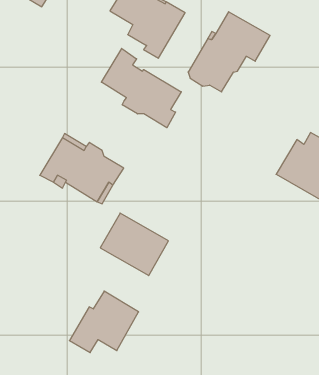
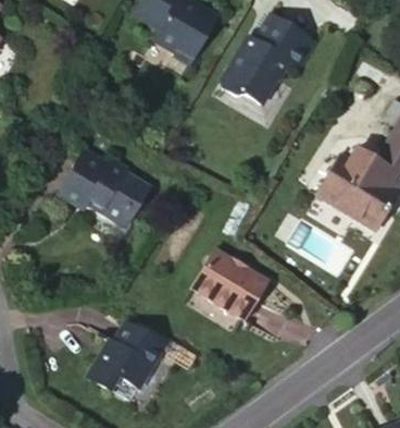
building: [101,48,181,128] -> none
building: [100,213,168,276] -> [201,254,276,322]

